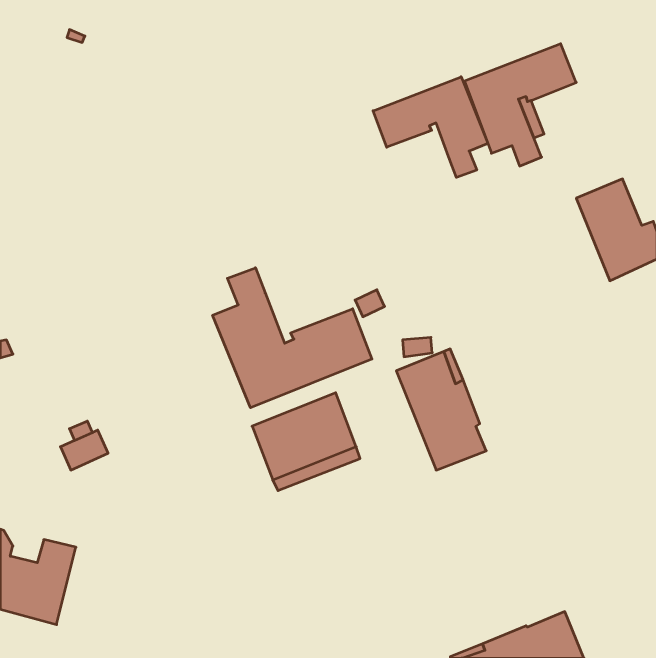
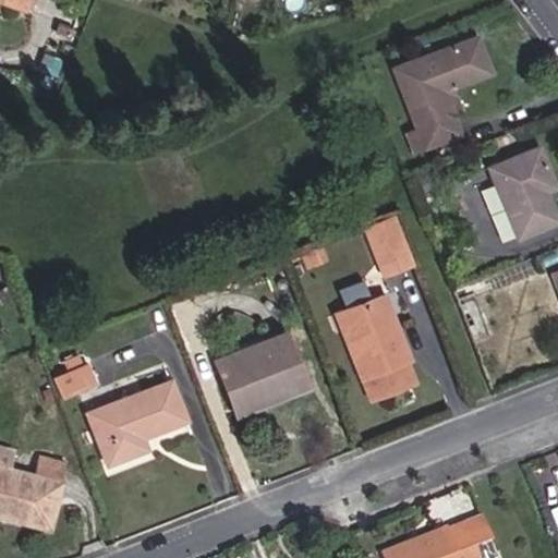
building: [373,77,488,177] -> none
building: none -> [366,218,411,275]
building: [213,268,372,408] -> none
building: none -> [87,381,185,463]

